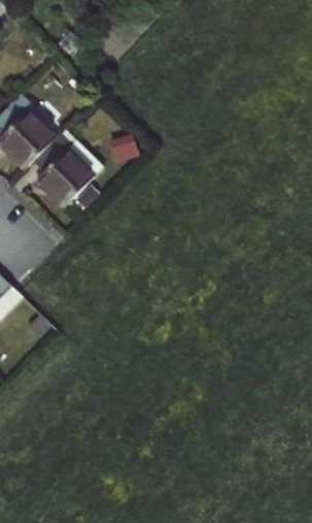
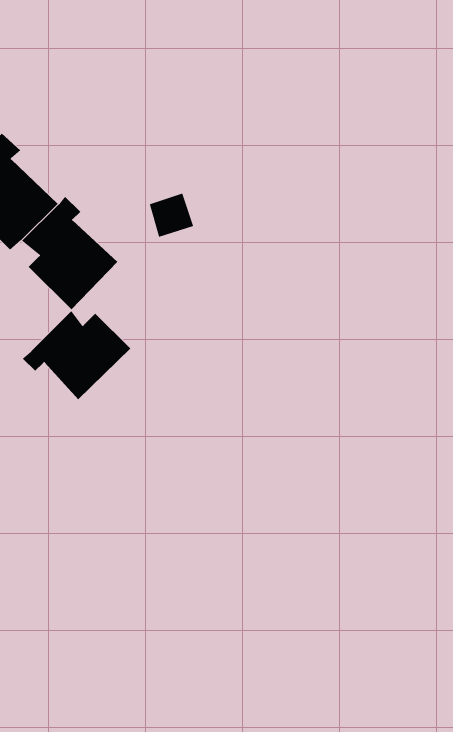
building: none -> [22,310,131,400]

